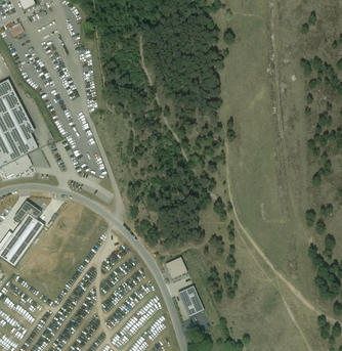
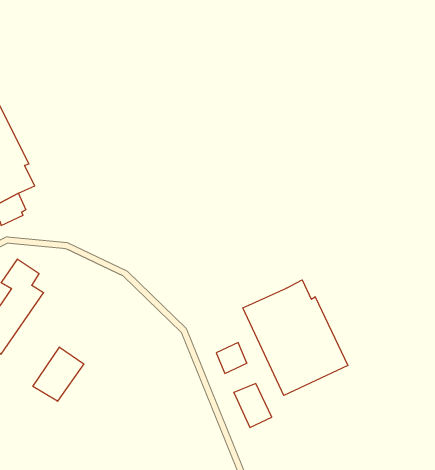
building: none -> [243,280,348,395]
building: none -> [33,347,84,401]

